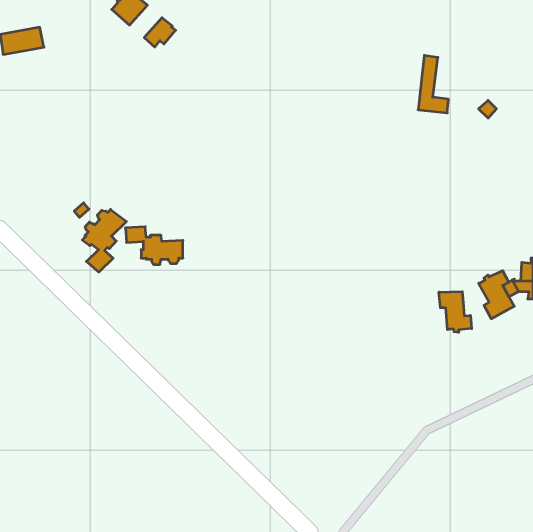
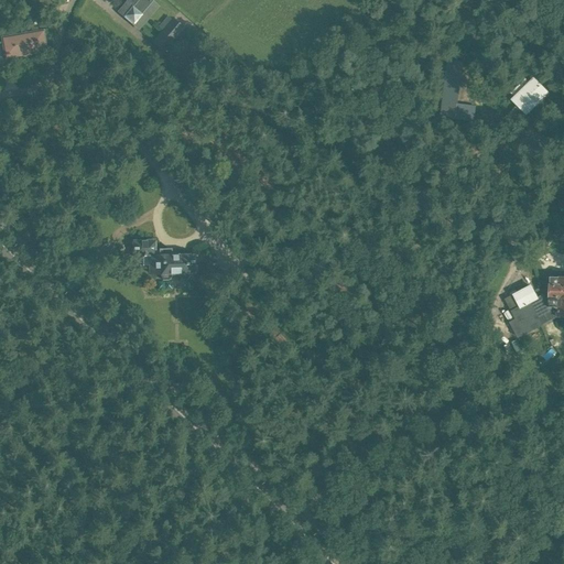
building: none -> [511,78,545,111]
building: [82,209,126,272] -> none
building: [439,292,472,332] -> none

